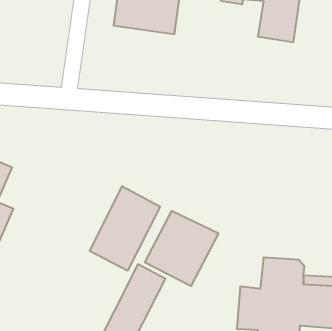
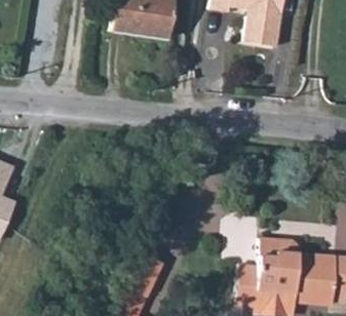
building: [90,186,160,271] -> none
building: [145,211,218,286] -> none

